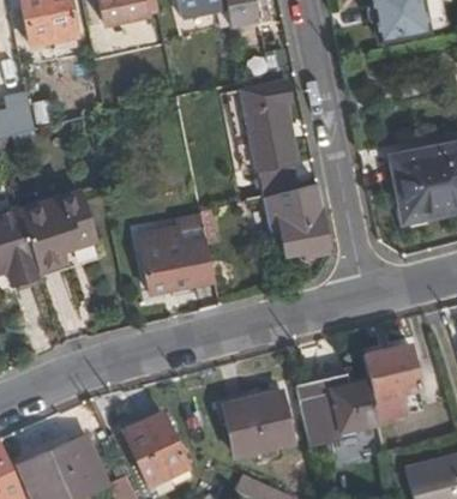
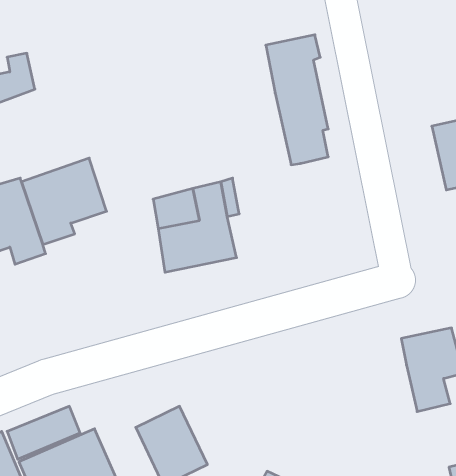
building: [273,185,330,255] -> none
building: [296,373,379,445] -> none
building: [224,389,293,455] -> none

